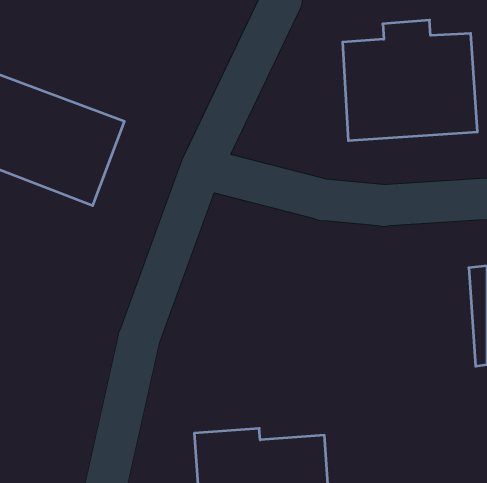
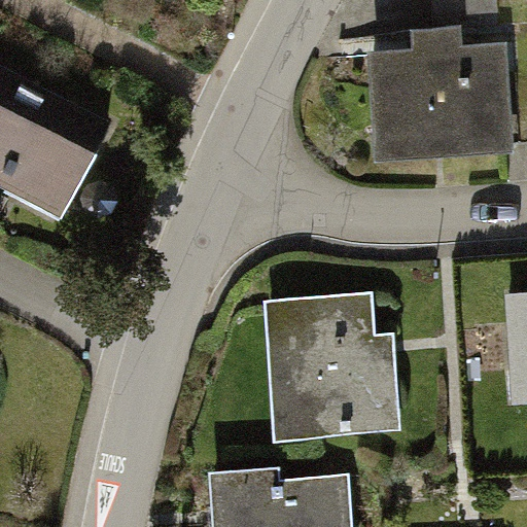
building: none -> [265,293,399,437]

